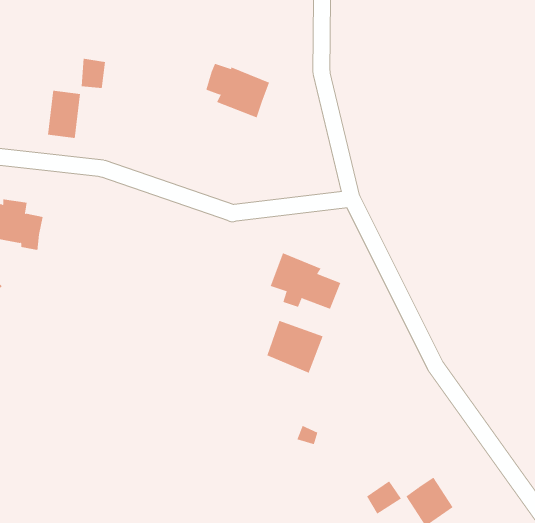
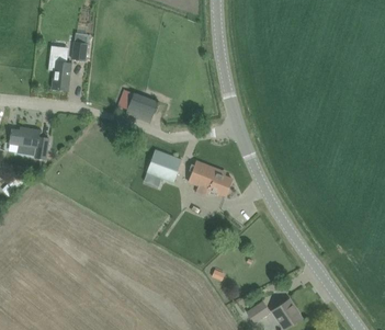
building: [206,63,270,118] -> [118,90,158,124]
building: [267,320,324,373] -> [147,150,182,183]

